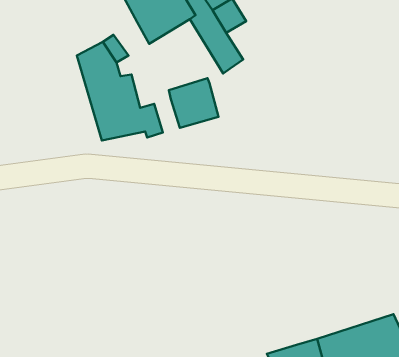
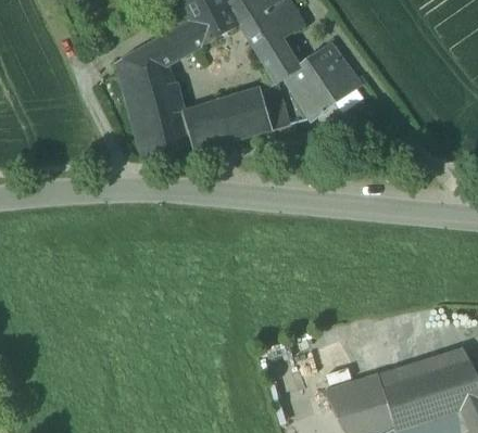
building: none -> [156,25,196,62]
building: none -> [285,44,358,118]
building: none -> [262,81,290,129]
building: none -> [201,110,229,147]

